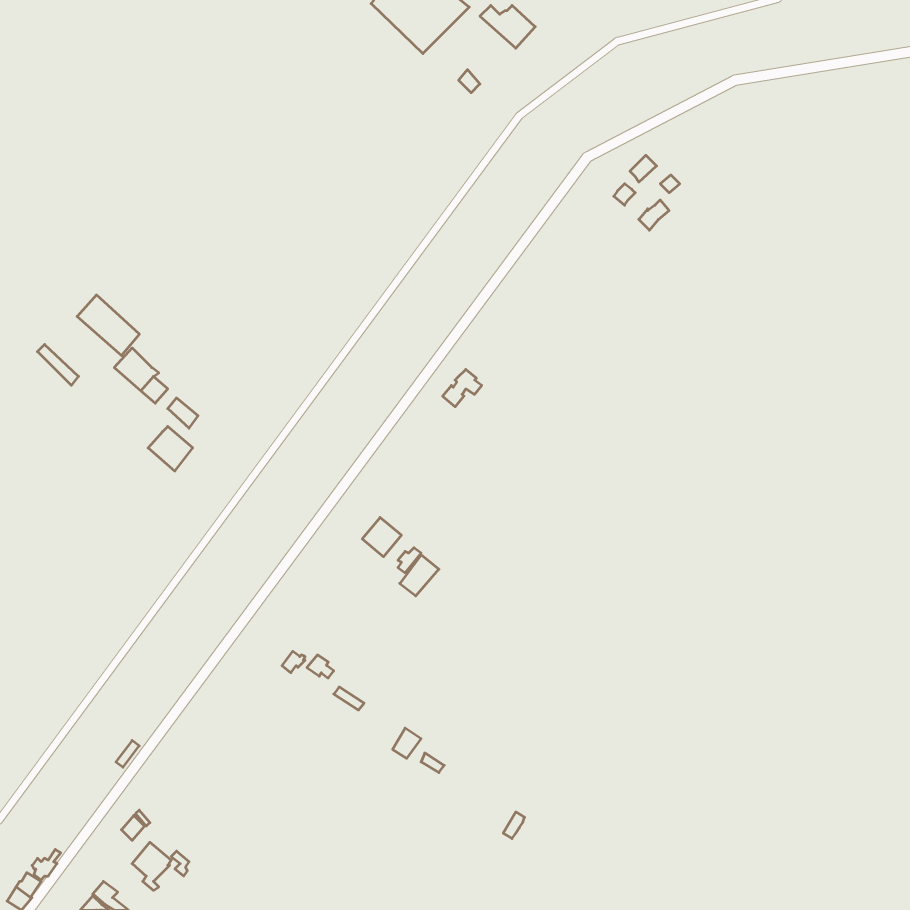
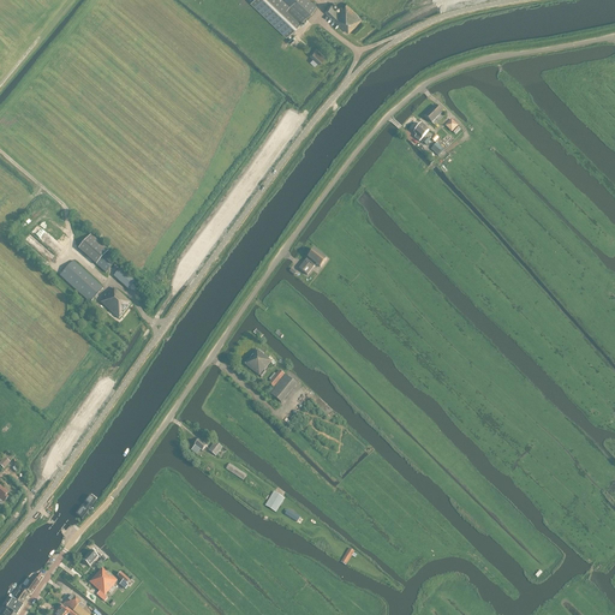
building: [77,295,139,356] -> [59,259,101,300]

